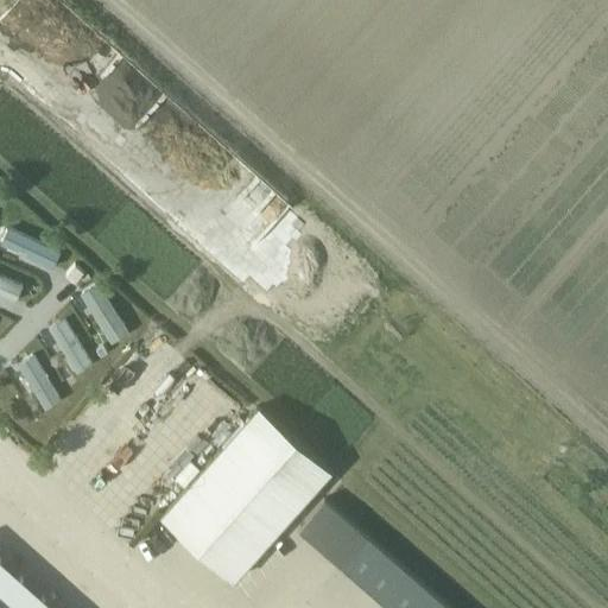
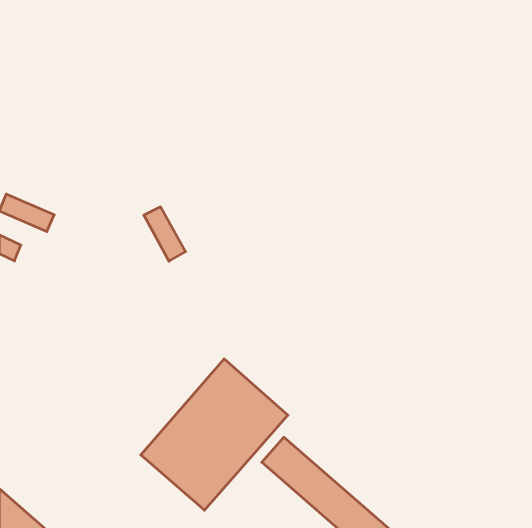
building: [81,283,128,344] -> [144,207,186,261]
building: [48,318,94,374] -> none
building: [17,354,62,411] -> none

